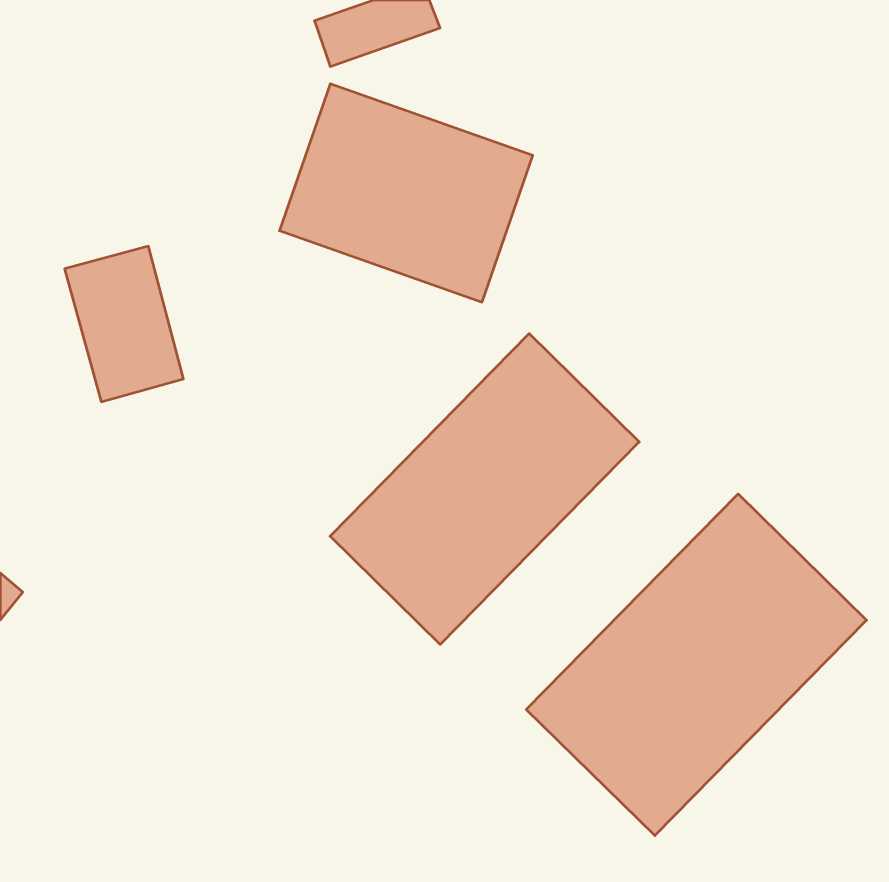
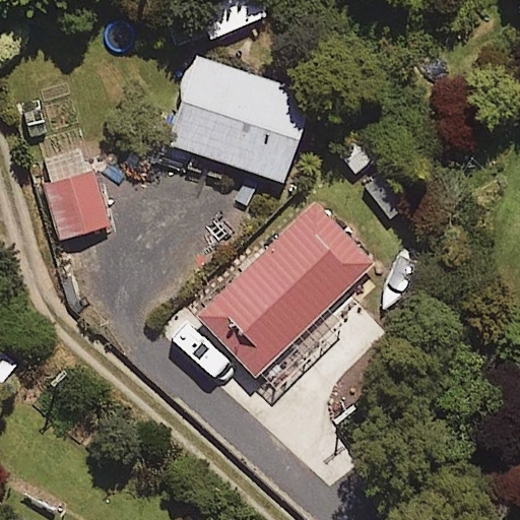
building: [526,494,867,836] -> none

